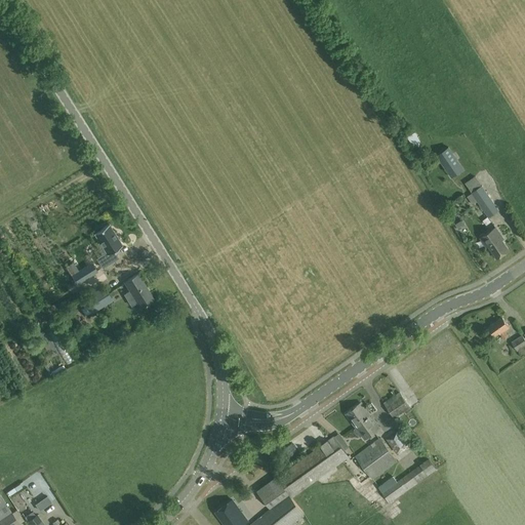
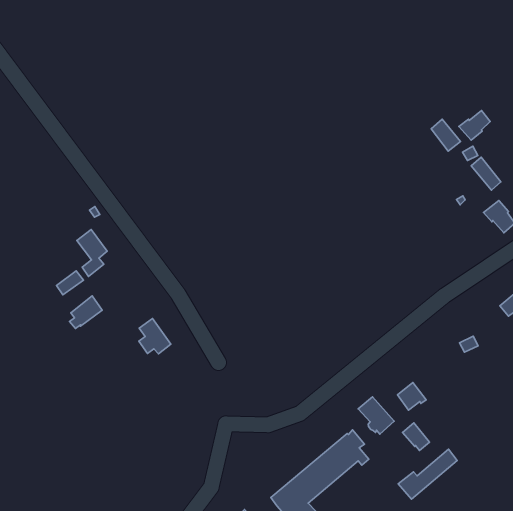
building: none -> [459,111,490,140]
building: [123,274,153,308] -> [139,318,171,354]
building: [355,438,397,479] -> none

